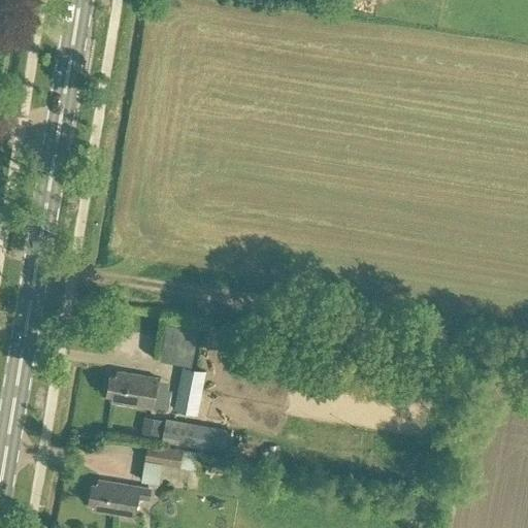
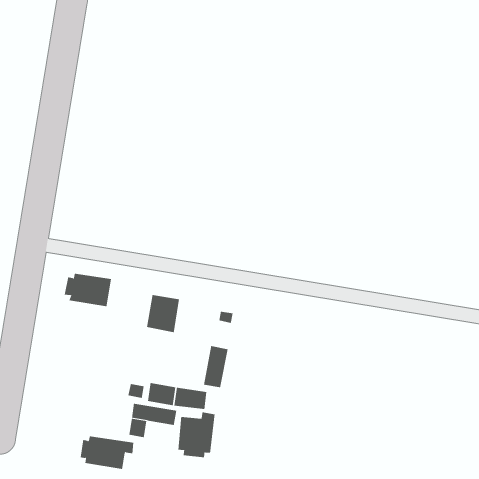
building: [176,367,204,414] -> [203,346,228,388]
building: [105,371,158,408] -> [64,273,112,307]
building: none -> [178,412,215,458]

